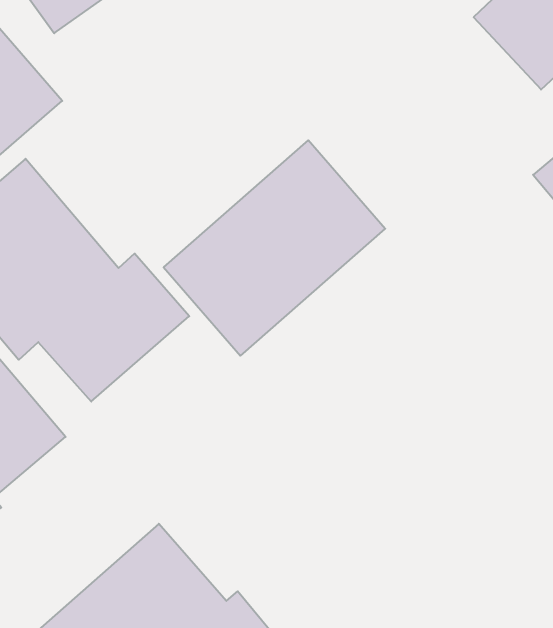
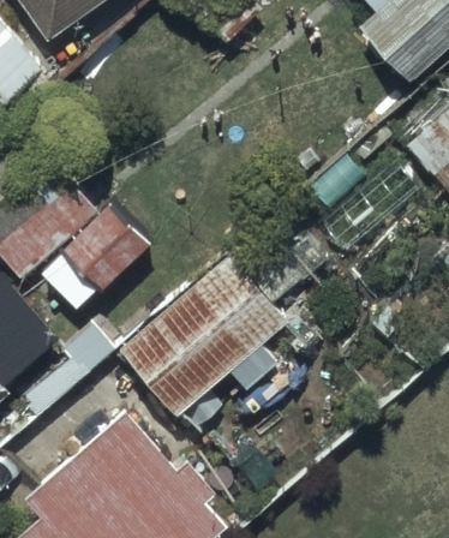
building: [164,140,385,356] -> [121,256,287,417]

